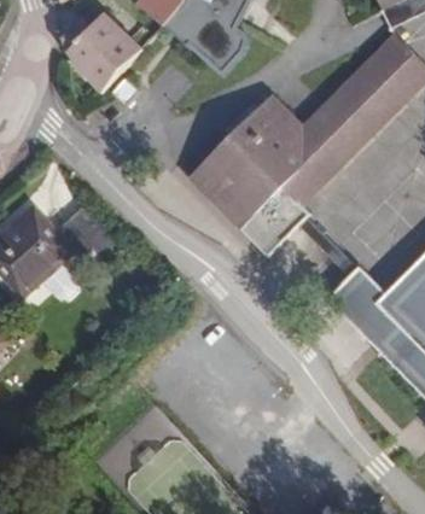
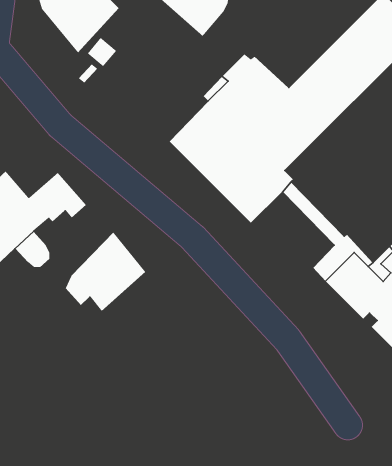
building: none -> [65,231,146,312]

